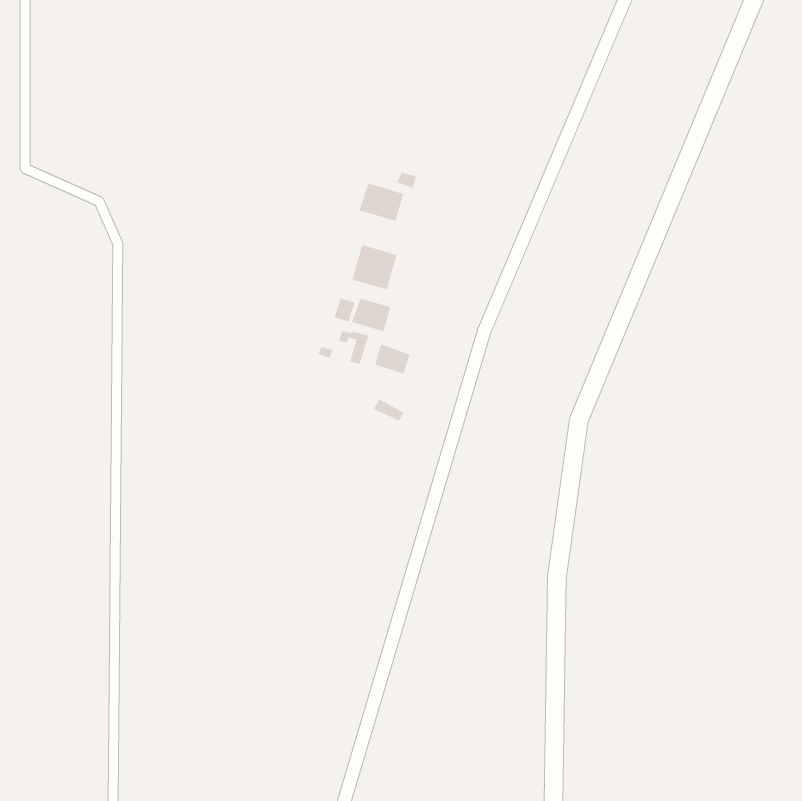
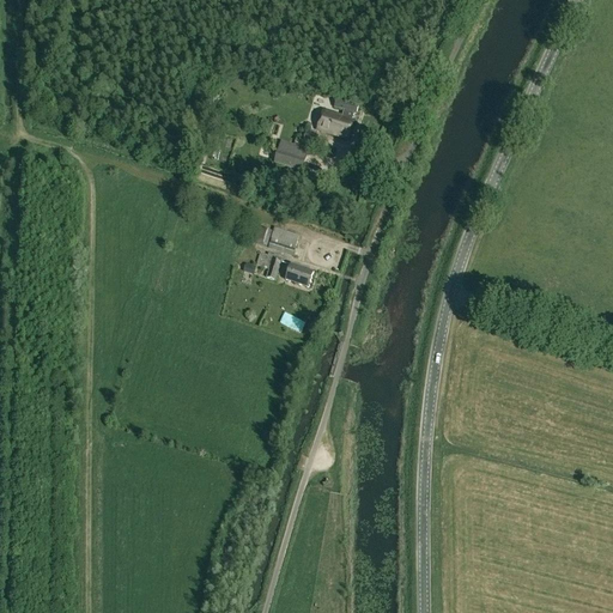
building: none -> [316,101,357,138]
building: [351,244,397,290] -> none

